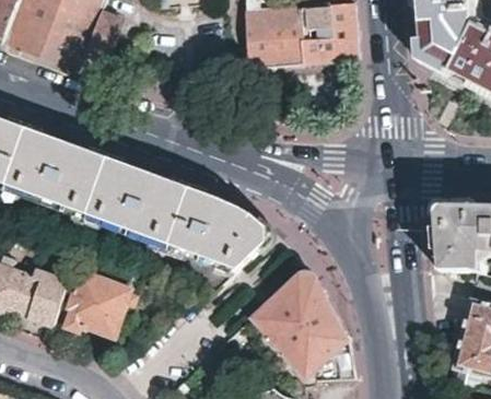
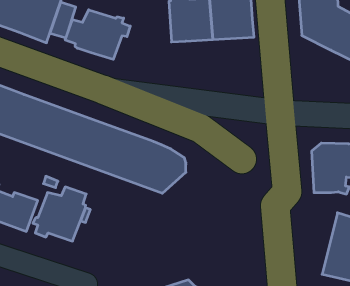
building: none -> [65,10,130,59]
building: [250,270,353,378] -> none

